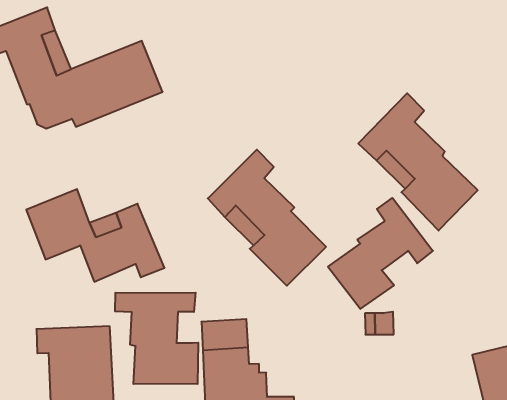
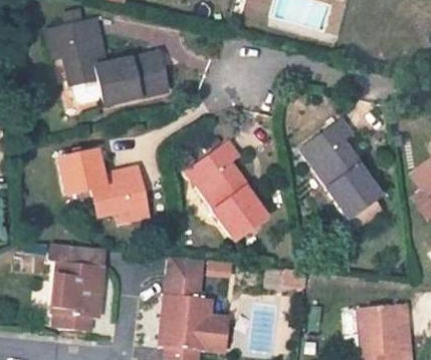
building: [328,198,433,309] -> none
building: [115,293,198,384] -> none

